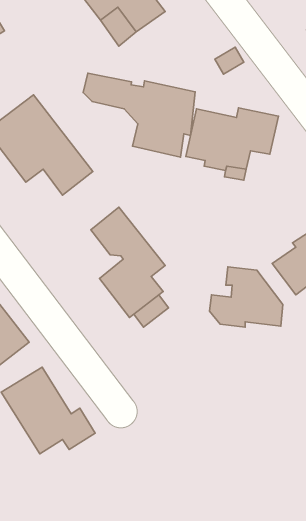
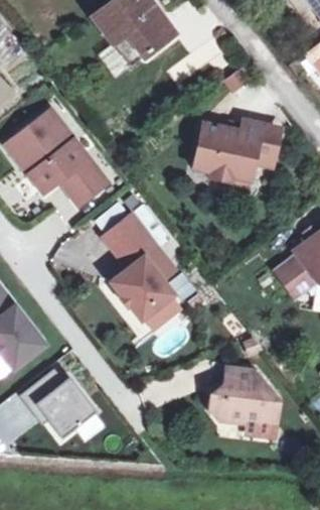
building: [83,73,195,157] -> none
building: [209,267,283,327] -> [209,367,278,423]

